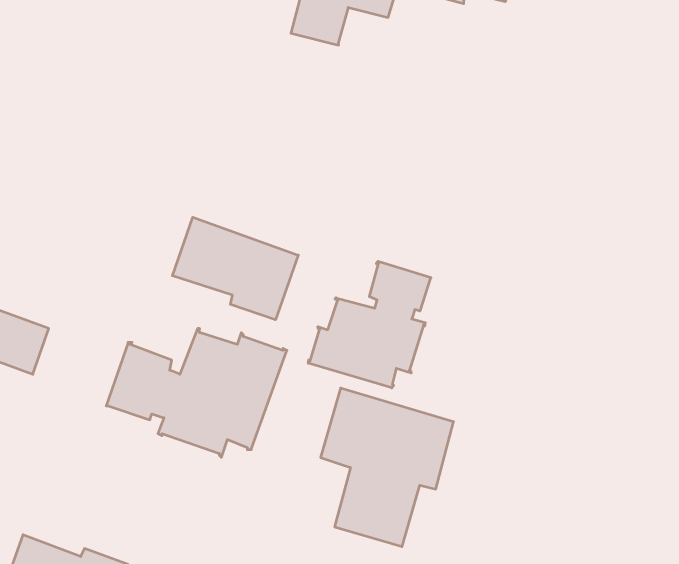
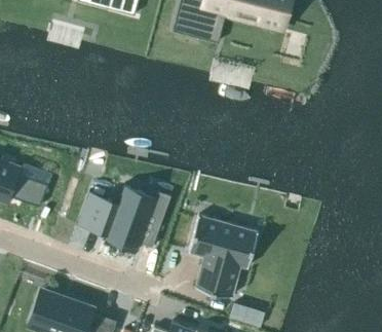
building: [172,217,298,320] -> none
building: [308,261,431,388] -> none

